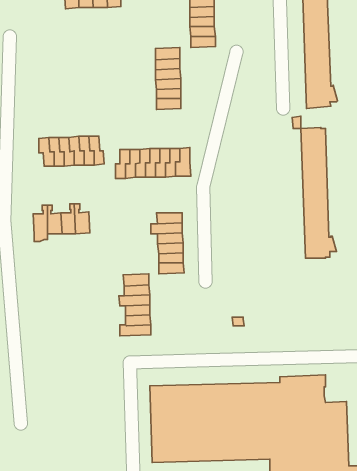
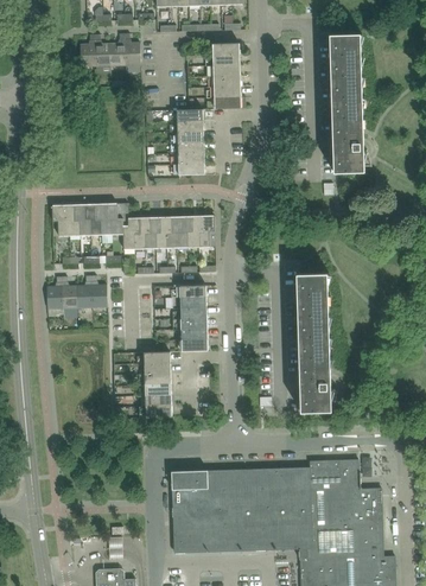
building: [301,127,337,258] -> [299,273,337,413]
building: none -> [115,204,138,249]

